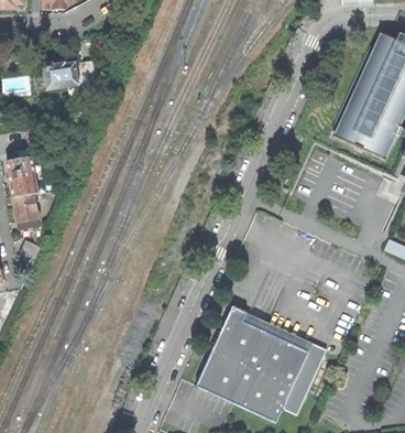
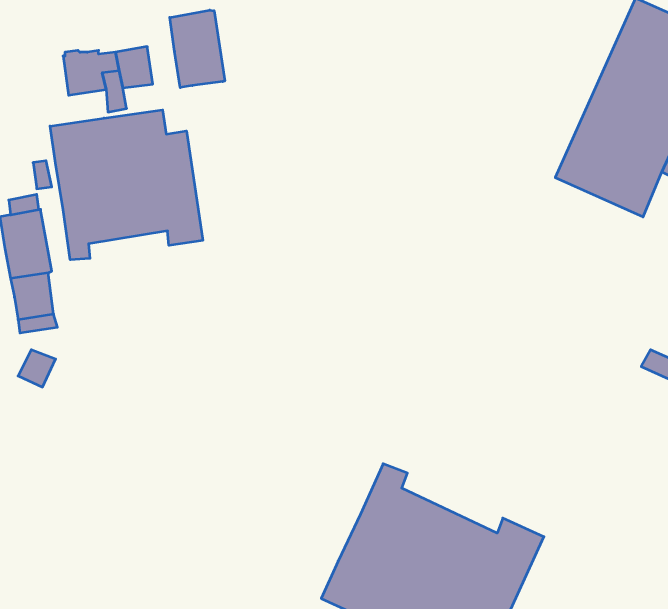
building: none -> [170,10,225,88]
building: none -> [50,110,203,260]

